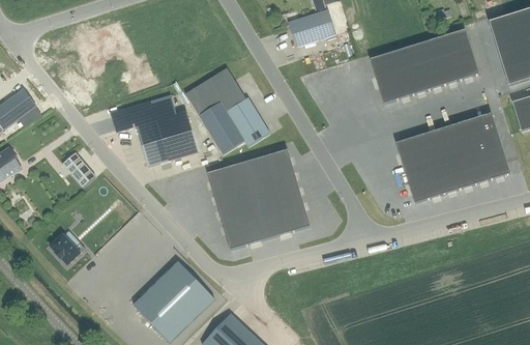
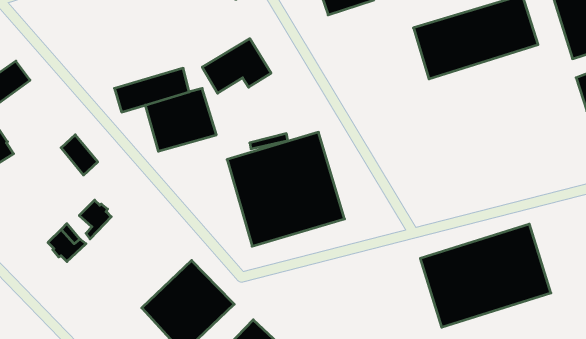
building: [200,96,270,153] -> none
building: [396,112,510,202] -> [420,224,551,327]
building: none -> [79,200,111,239]

